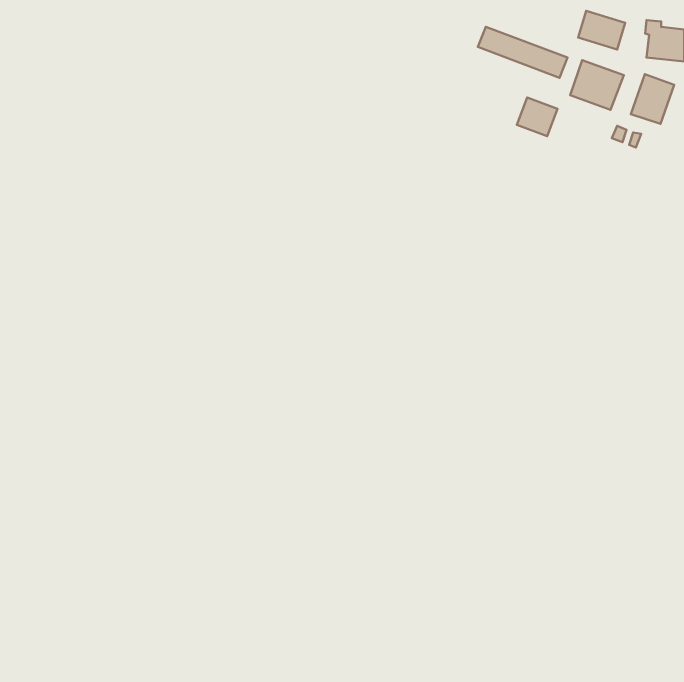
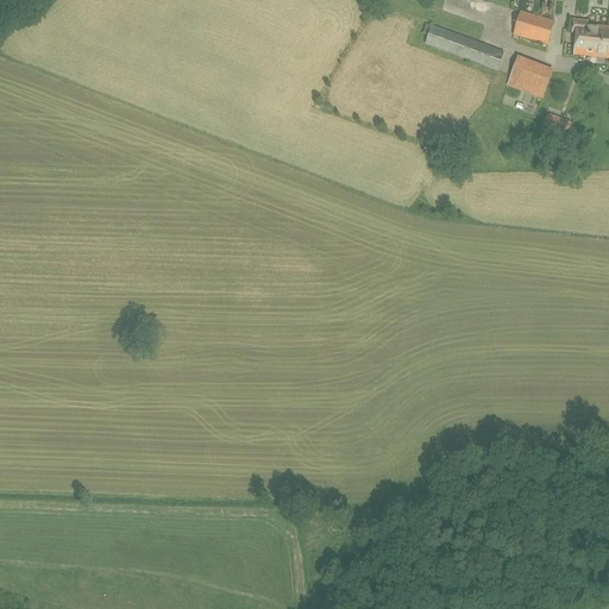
building: [631,74,674,124] -> none
building: [517,97,558,136] -> none

